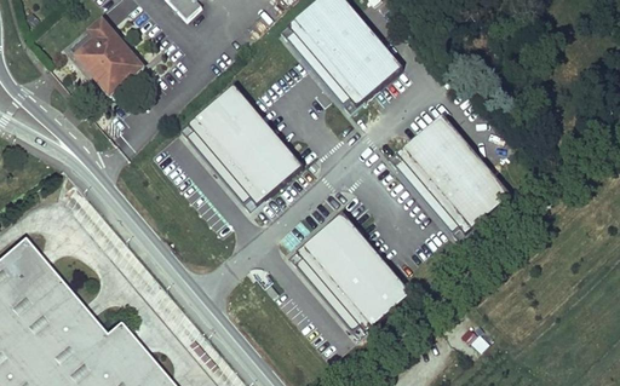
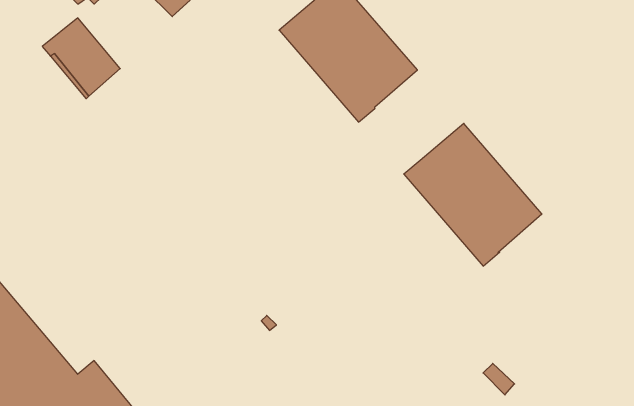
building: [185,86,304,207] -> none
building: [293,211,414,334] -> none

